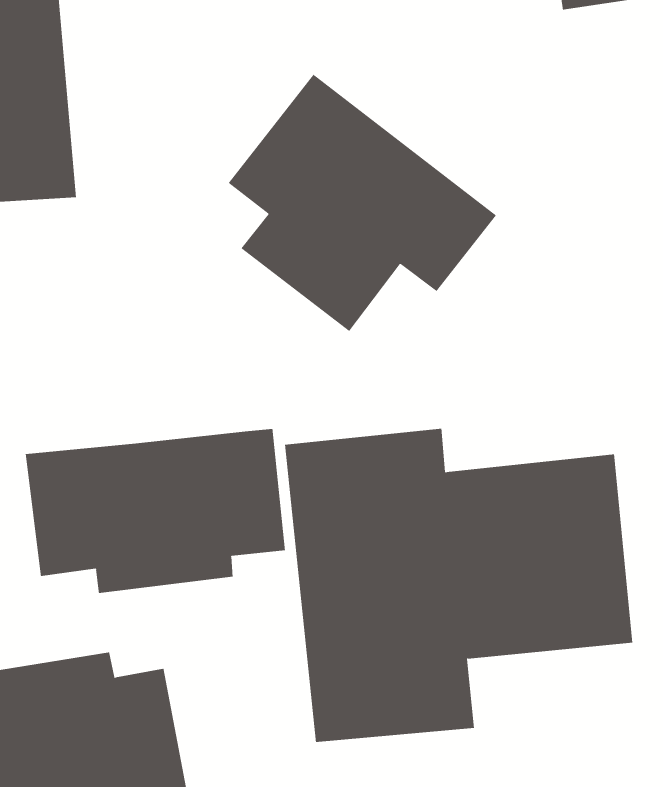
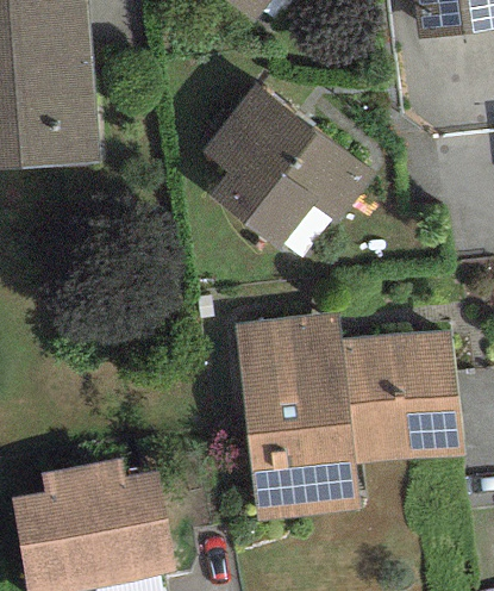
building: [25,428,286,594] -> none

